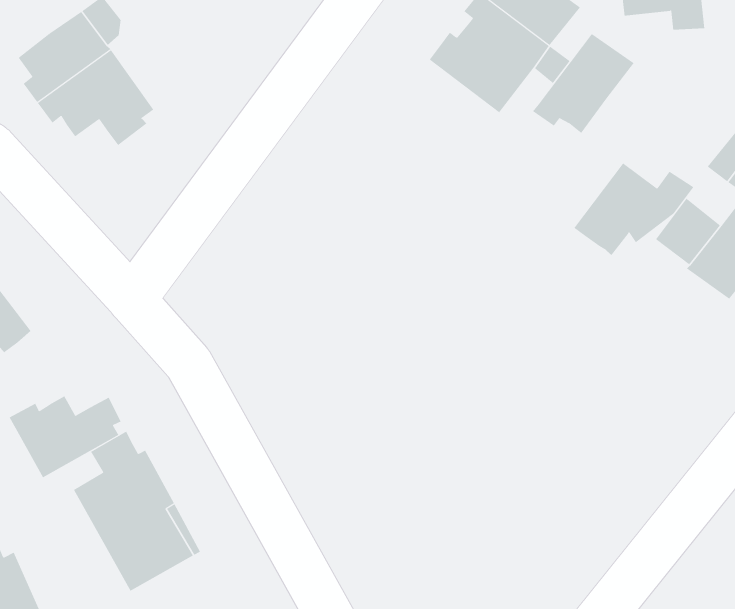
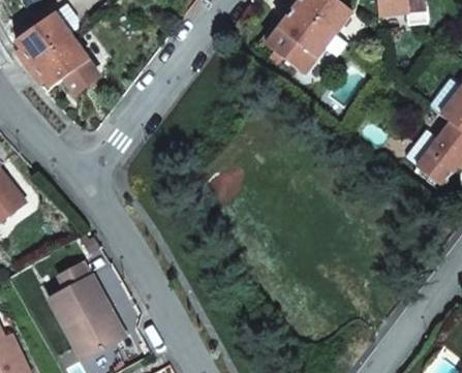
building: [532,33,635,134] -> none
building: [573,162,694,256] -> none
building: [9,395,121,478] -> none

